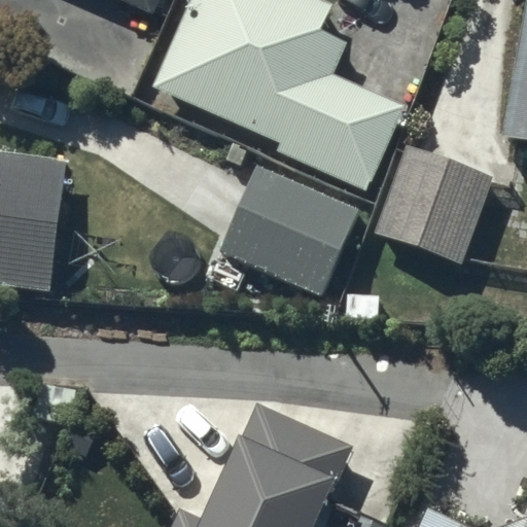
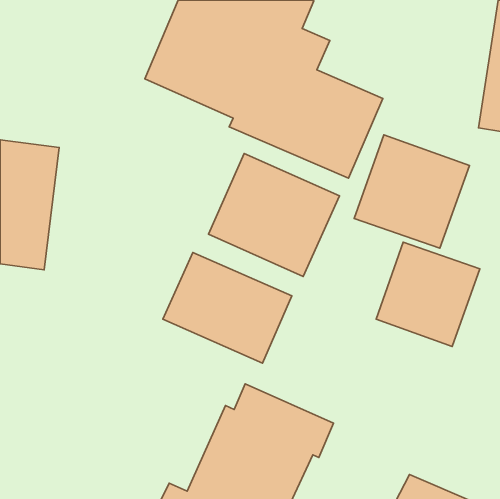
building: none -> [376,242,480,346]
building: none -> [163,252,292,363]

